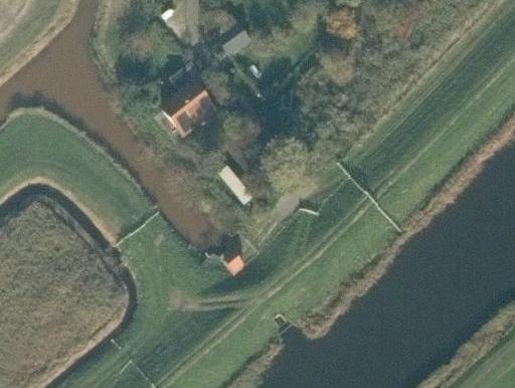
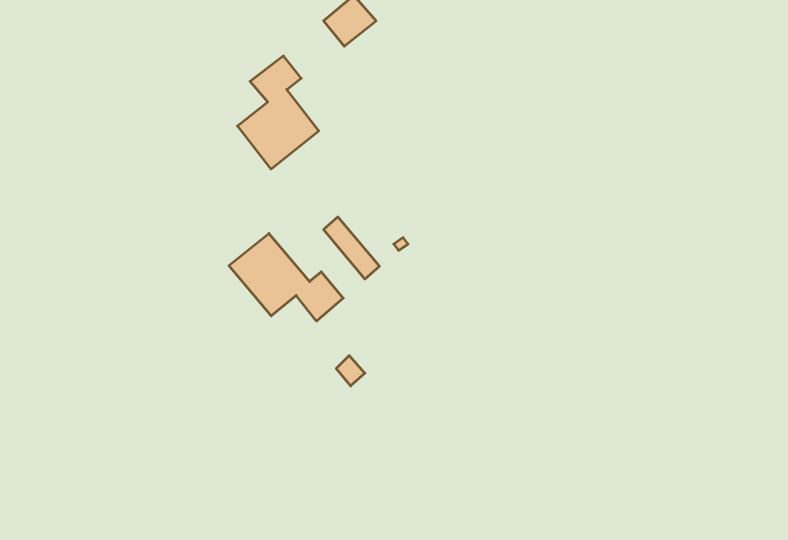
building: none -> [229,233,343,321]

